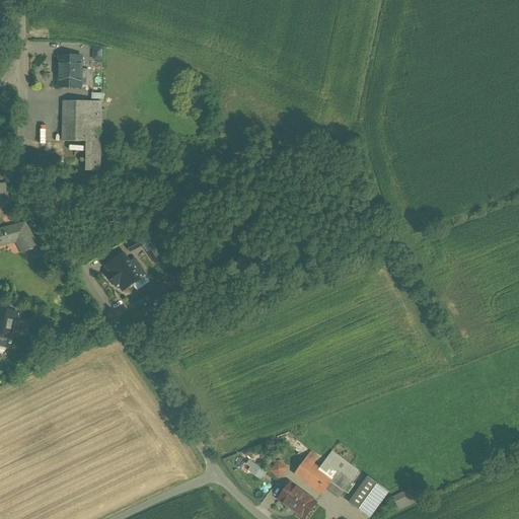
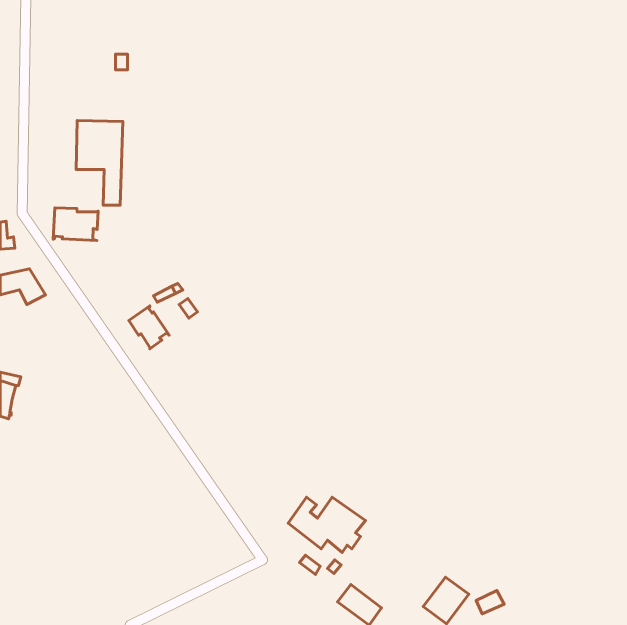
building: [59,55,82,86] -> none
building: none -> [53,208,98,240]
building: [295,450,359,496] -> [288,497,365,553]

